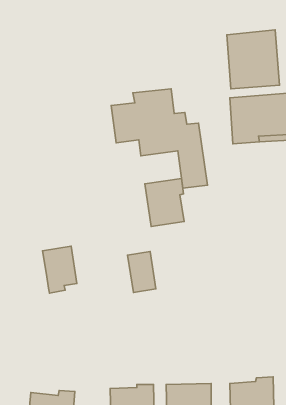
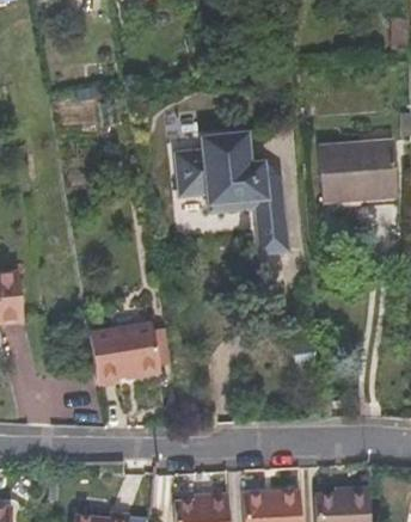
building: [227,30,280,89] -> none
building: [145,179,184,226] -> none
building: [128,251,156,293] -> [125,320,160,370]

